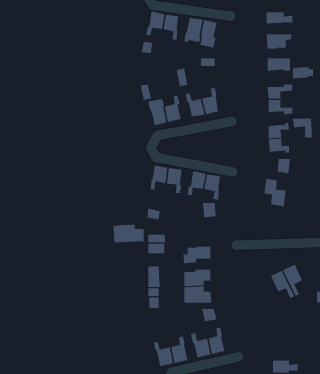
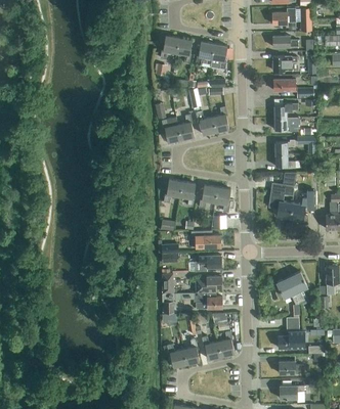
building: none -> [290,190,317,225]
building: [113,224,144,243] -> [190,231,220,248]
building: none -> [278,331,305,349]

